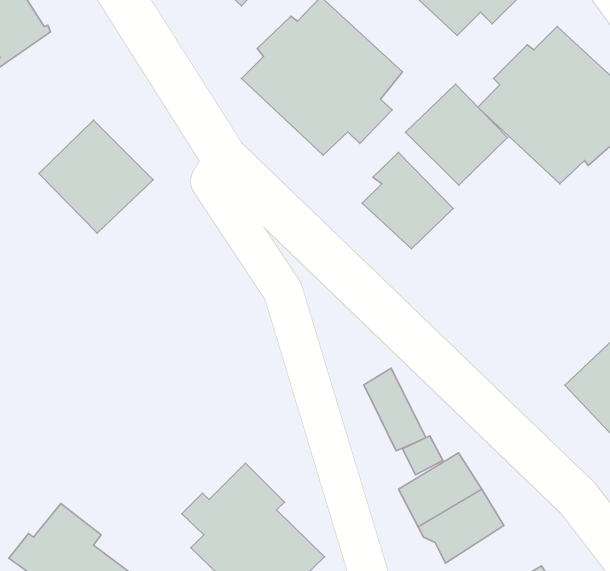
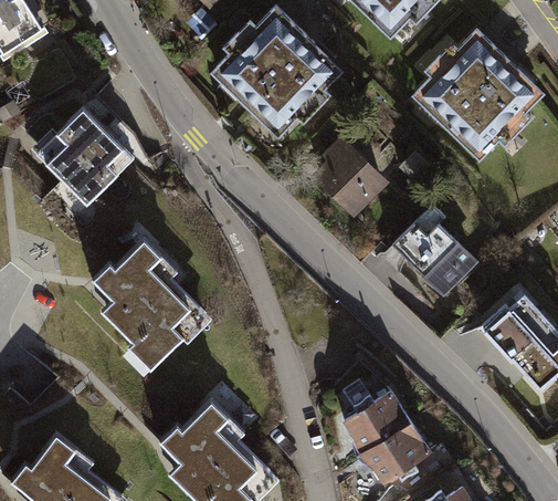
building: [406,84,508,185] -> none
building: none -> [394,205,480,295]
building: none -> [90,237,210,368]
building: [364,368,426,451] -> none

